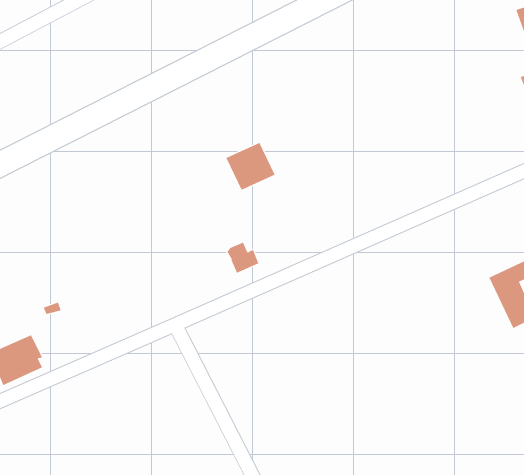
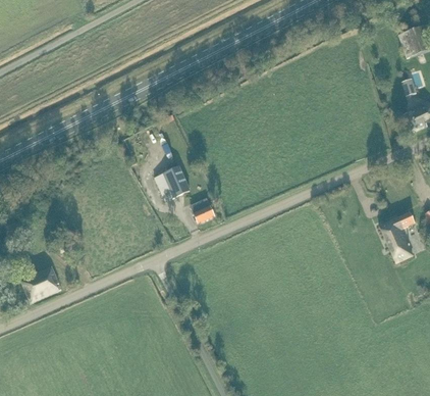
building: [226,142,275,191] -> [157,165,193,200]

